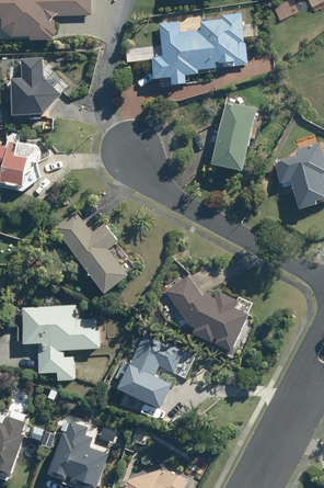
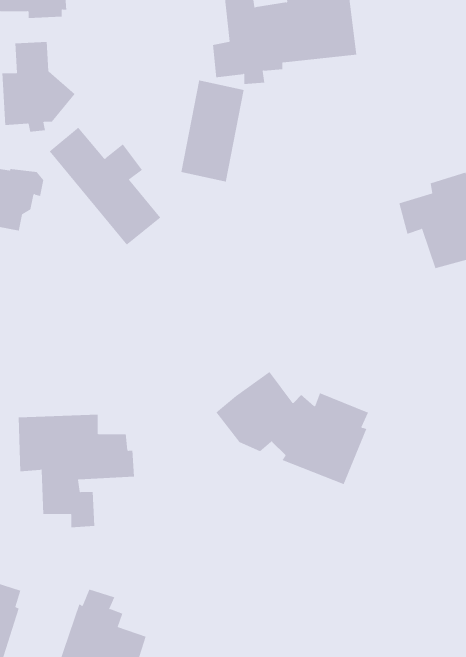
building: [212,104,255,172] -> [180,80,245,182]
building: [53,212,127,291] -> [49,127,161,246]
building: [118,333,182,406] -> none

